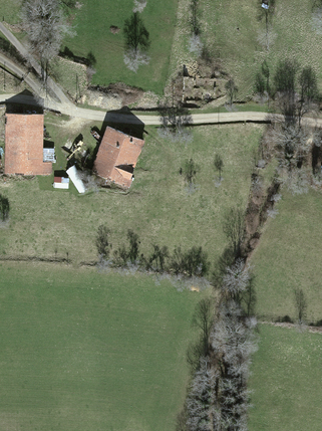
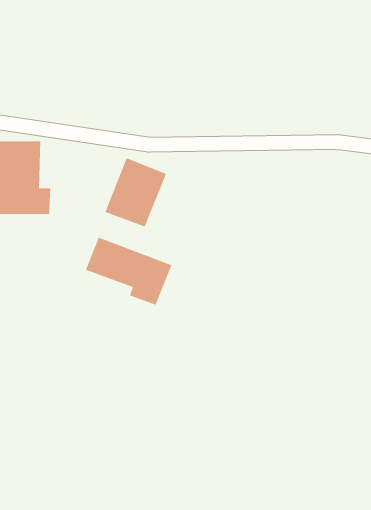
building: none -> [85,237,172,305]

